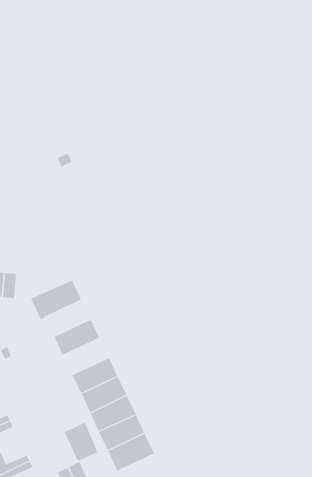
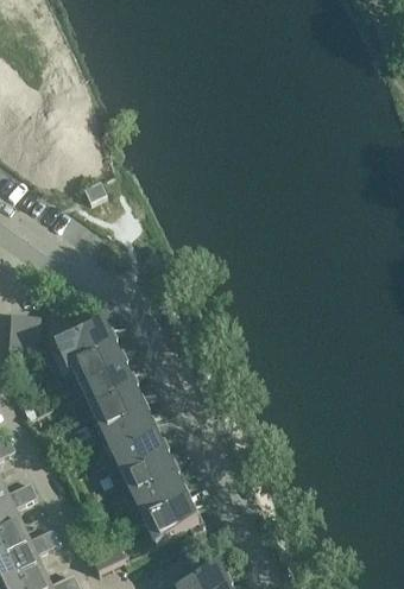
building: none -> [74,349,127,392]
building: none -> [94,393,149,436]
building: [64,422,98,462] -> none

